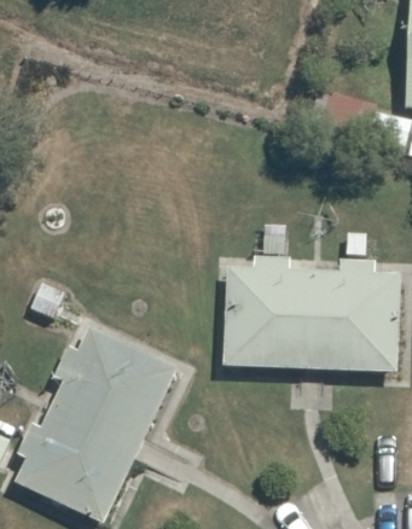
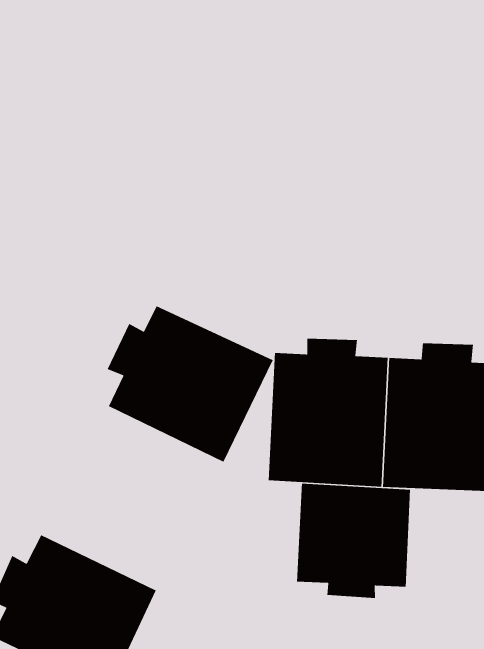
building: [52,327,178,446] -> [106,305,274,463]
building: none -> [296,483,411,599]

